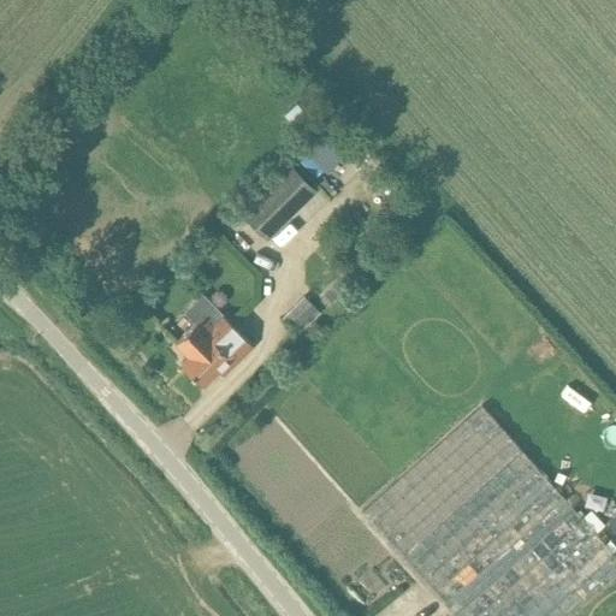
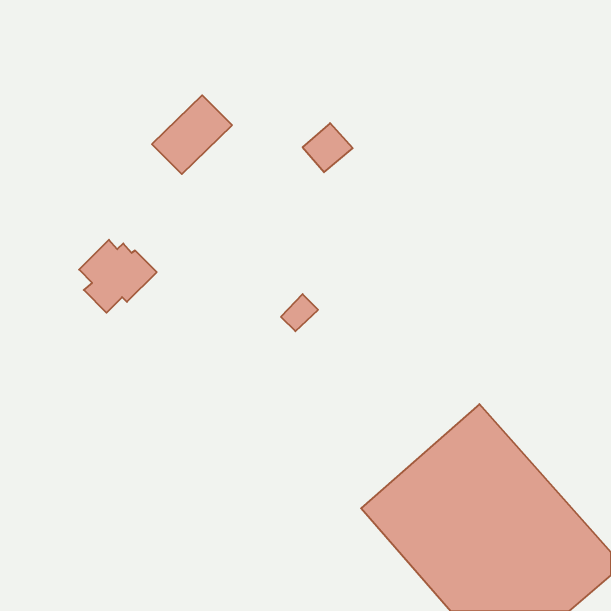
building: [237,162,318,242] -> [152,95,232,174]
building: [176,313,254,386] -> [79,240,157,313]

